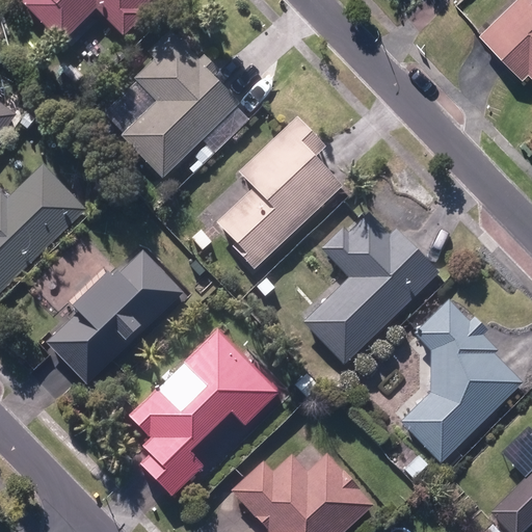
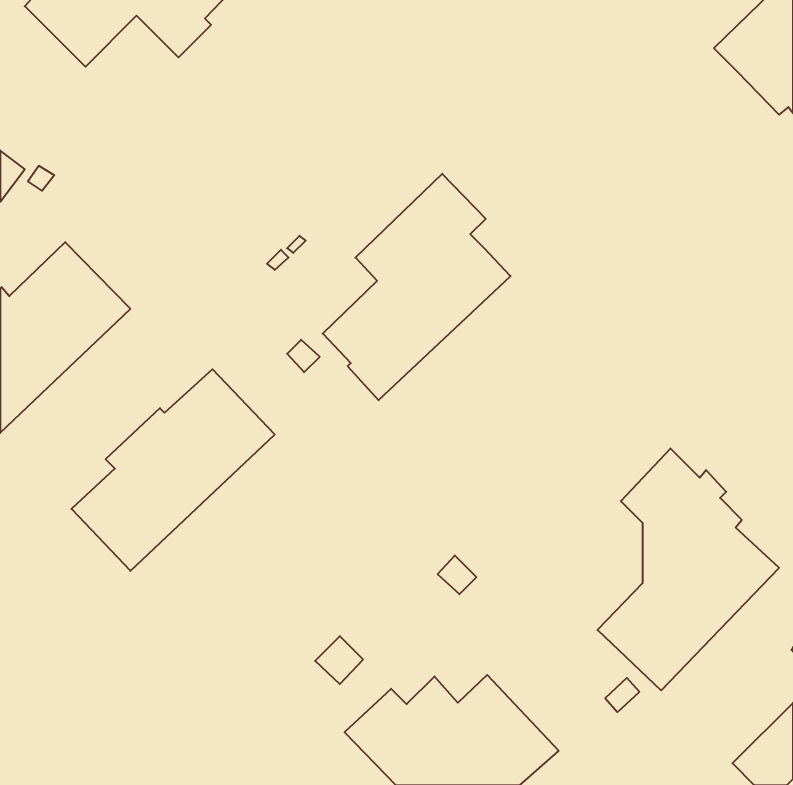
building: [122,29,239,178] -> none
building: [303,212,438,363] -> none
building: [130,329,278,499] -> none

